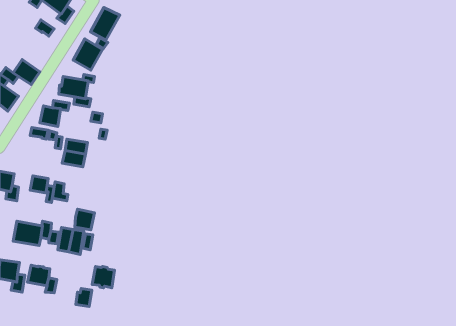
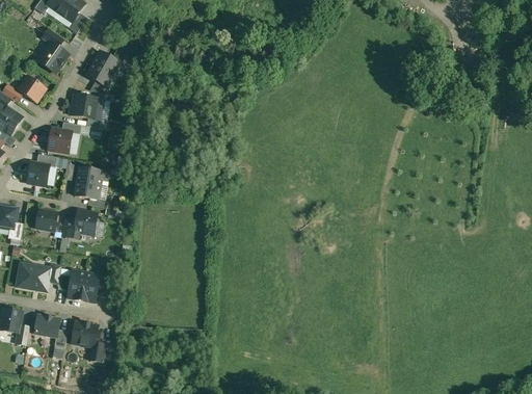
building: [91,7,120,40] -> none
building: none -> [36,43,68,73]
building: none -> [27,162,49,186]
building: [75,209,94,230] -> [74,210,97,234]
building: [92,266,114,288] -> [71,321,97,346]

